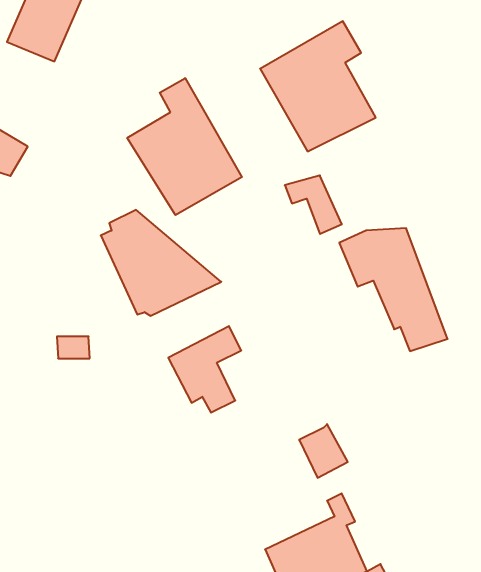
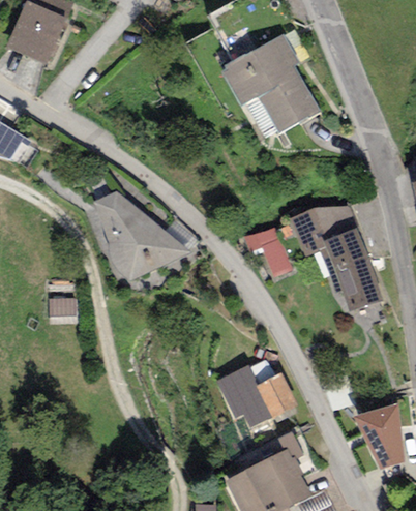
building: [127,78,242,215] -> none
building: [285,175,342,234] -> [244,228,293,277]
building: [168,326,241,413] -> [214,355,276,428]
building: none -> [354,404,405,469]

